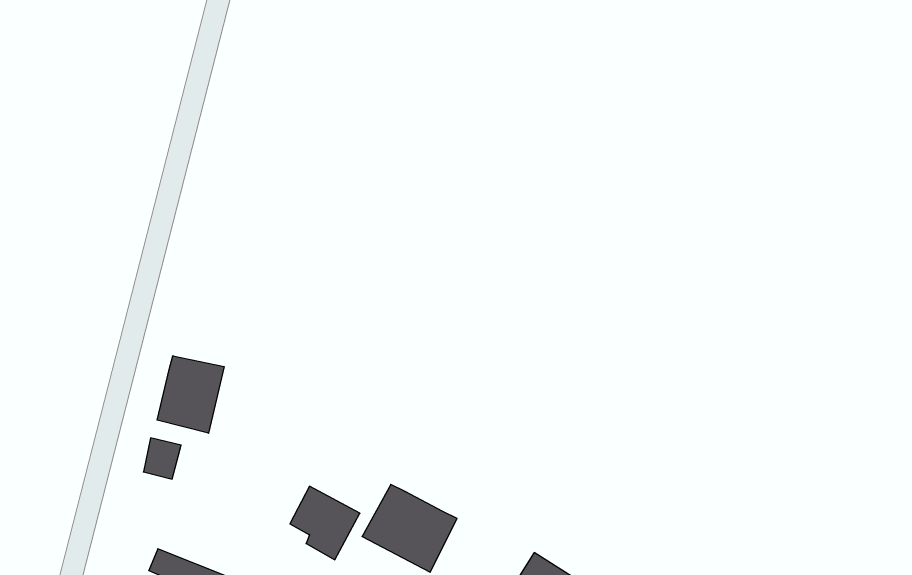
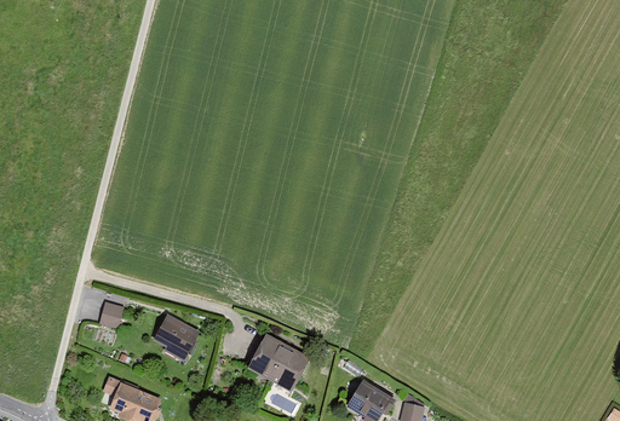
building: [157,356,224,433] -> none
building: [290,486,360,560] -> [151,312,199,362]

